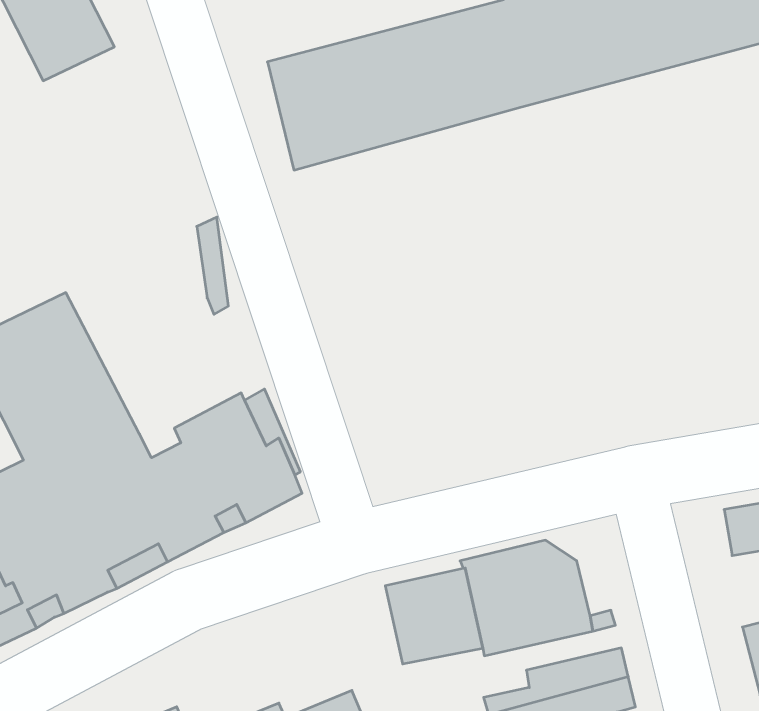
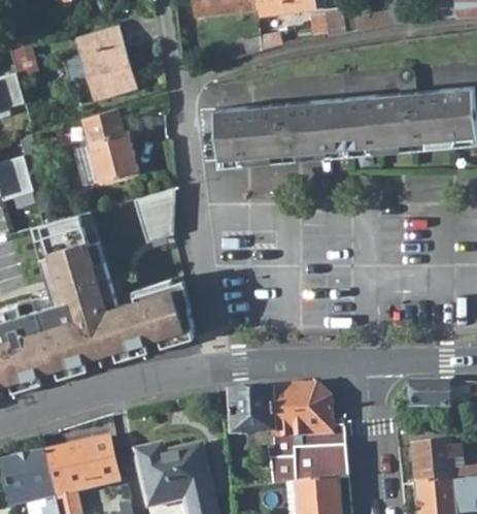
building: none -> [74,109,138,185]
building: none -> [132,188,164,240]

